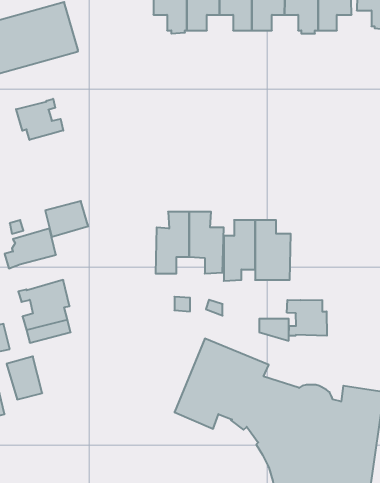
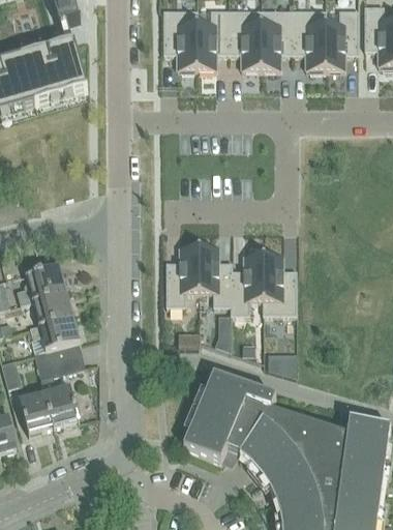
building: [16,99,63,140] -> none
building: [45,201,88,237] -> [32,291,74,326]
building: [287,300,327,336] -> none
building: none -> [44,384,80,428]

